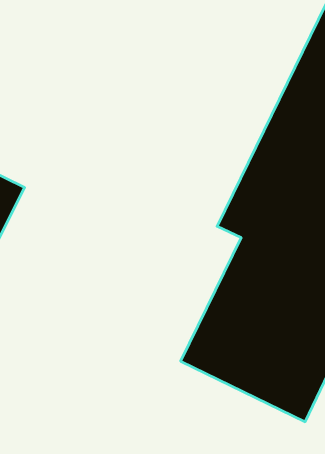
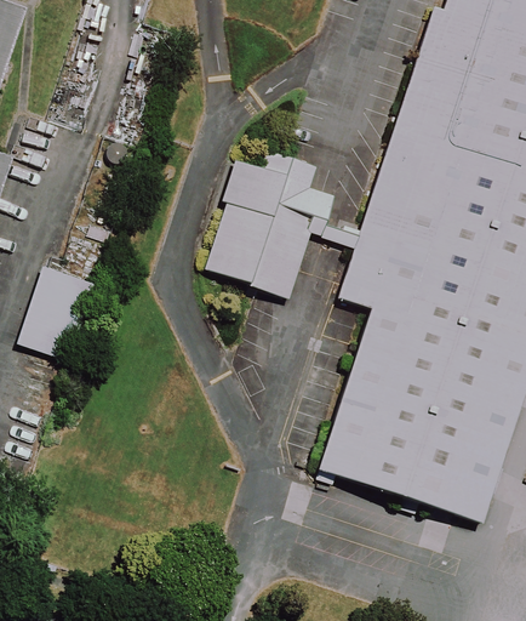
building: none -> [207,149,333,295]

